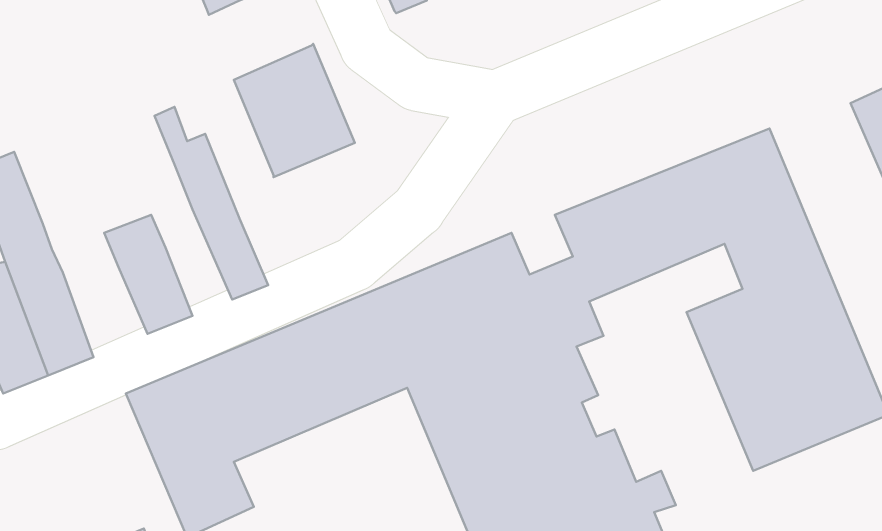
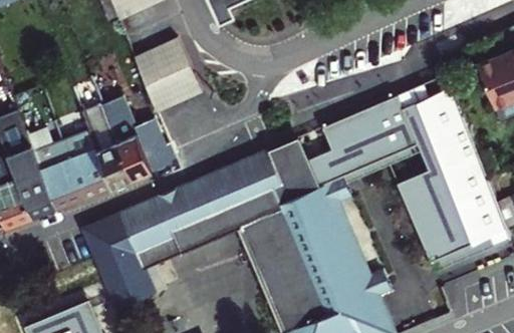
building: none -> [84,101,138,186]
building: none -> [142,125,178,169]
building: none -> [32,127,90,209]

